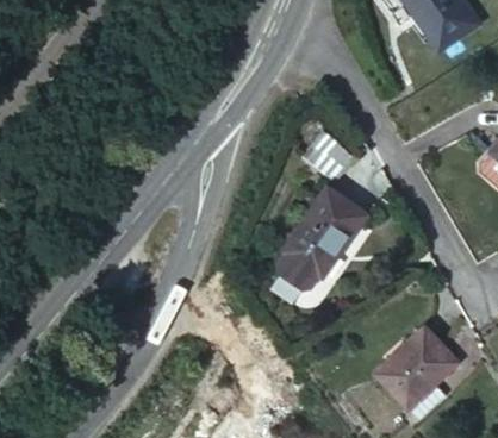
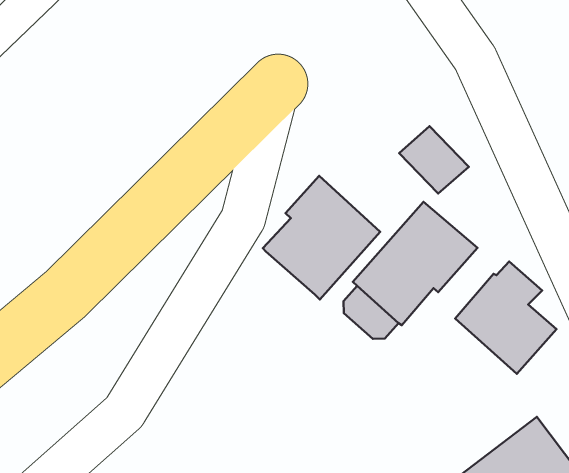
building: none -> [263,176,380,299]
building: none -> [455,261,557,374]

